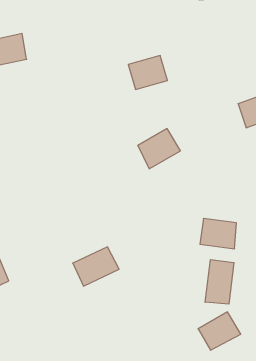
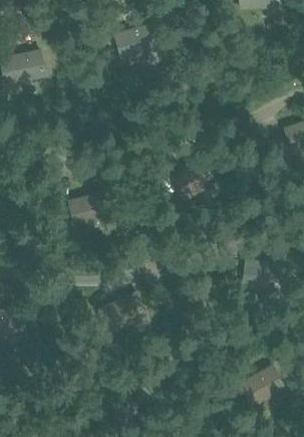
building: [128,56,167,89] -> [112,23,157,61]
building: none -> [66,191,110,228]
building: [205,260,234,304] -> none

